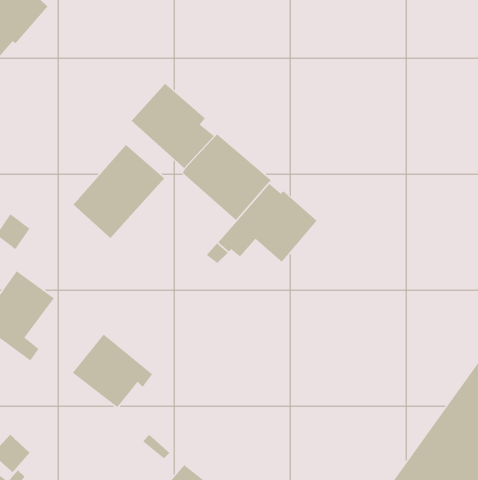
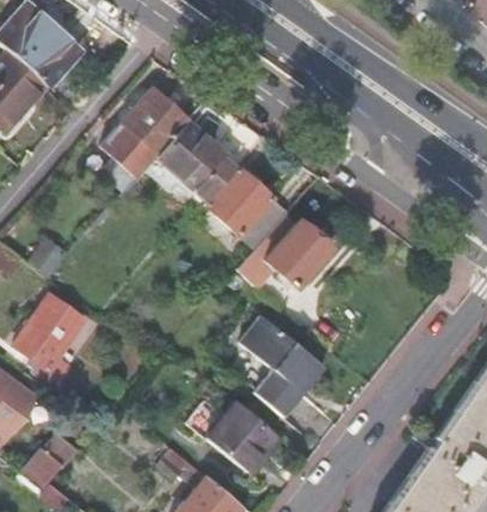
building: [72,144,165,239] -> [103,88,190,177]
building: none -> [241,314,327,415]
building: [72,333,153,408] -> [207,399,283,469]

